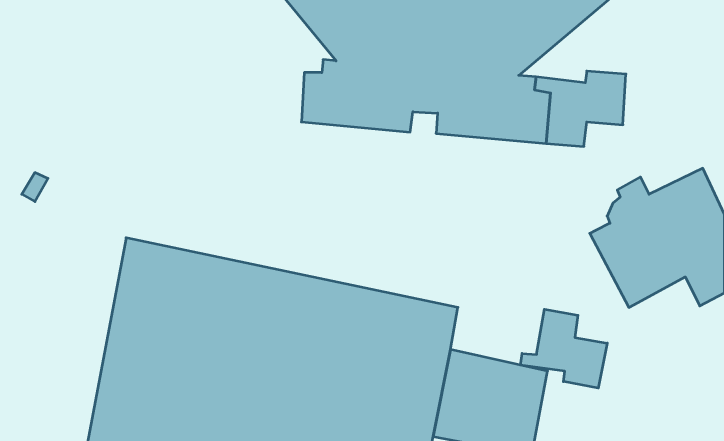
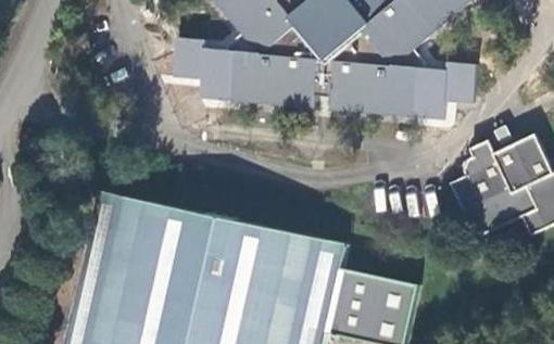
building: none -> [173,39,248,100]
building: [520,309,607,388] -> none

